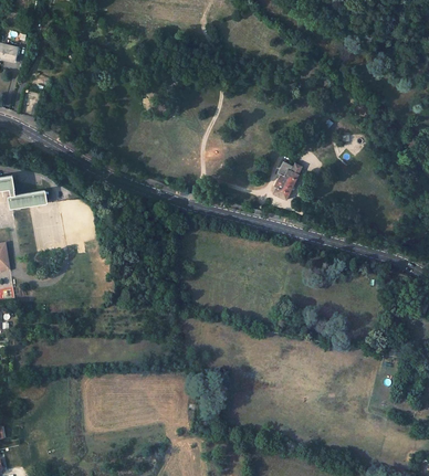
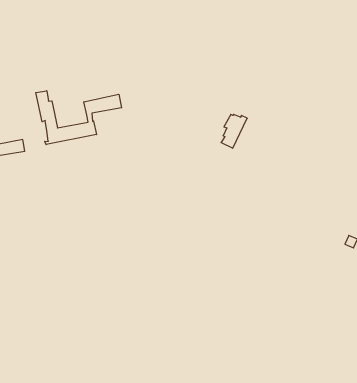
building: none -> [36,91,122,145]

